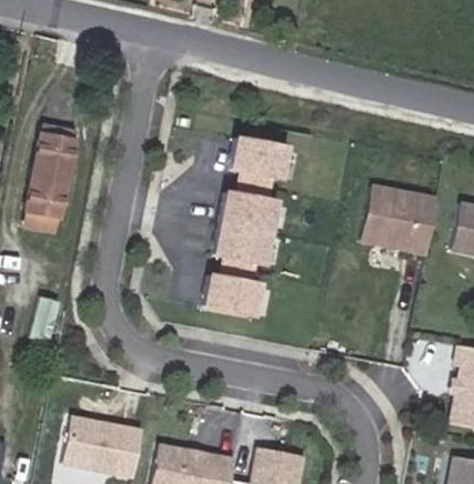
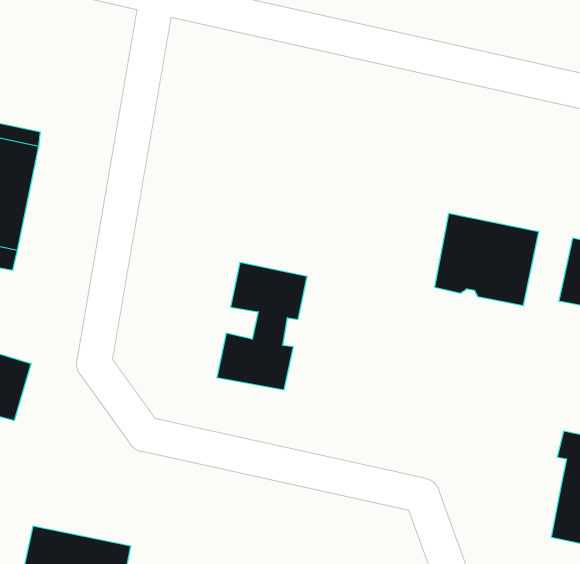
building: [221,142,286,234] -> none

